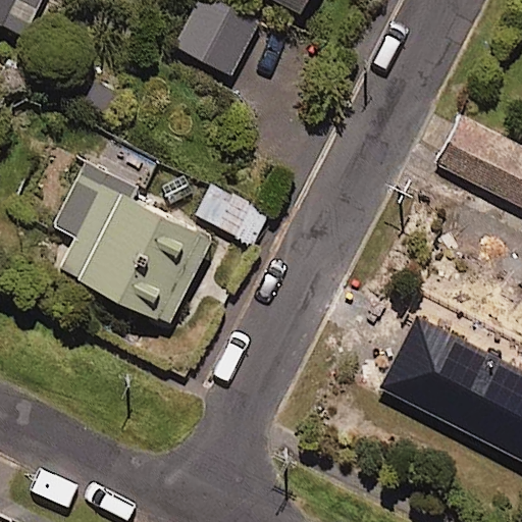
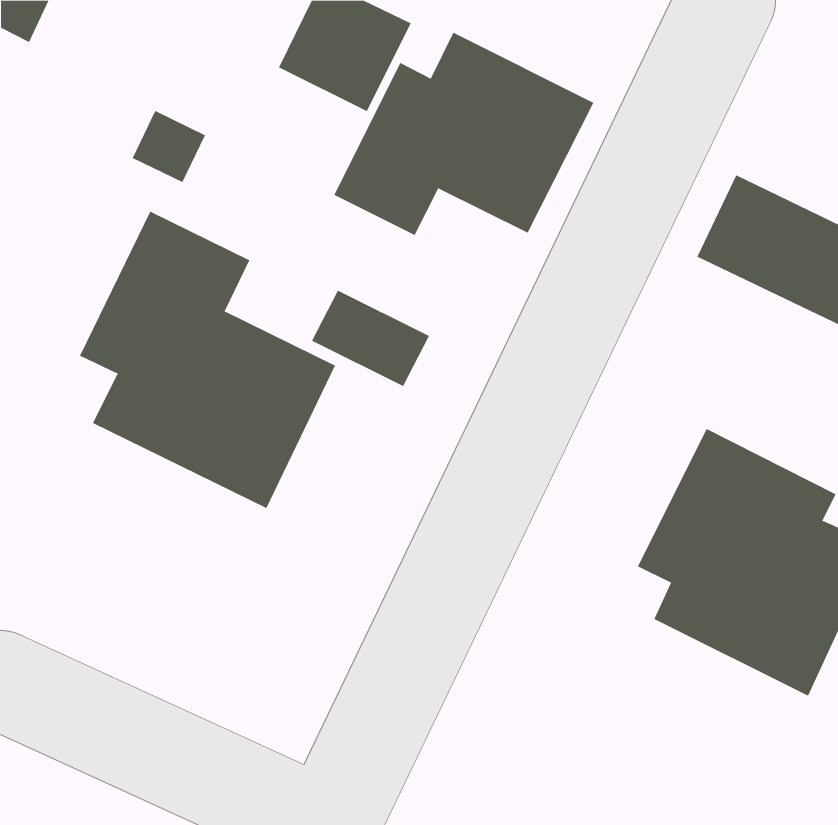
building: none -> [334,32,594,236]

